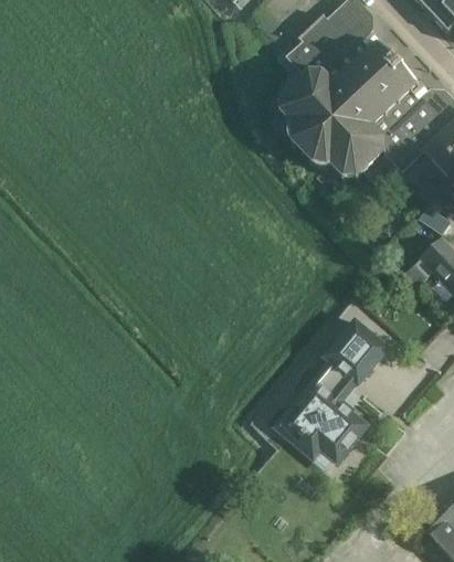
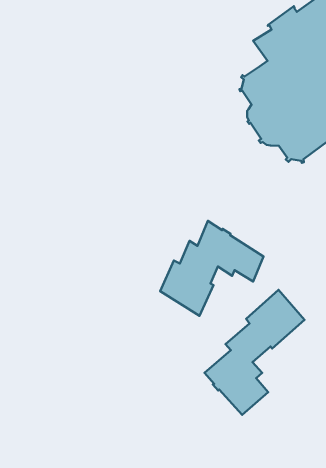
building: none -> [160,221,264,316]

